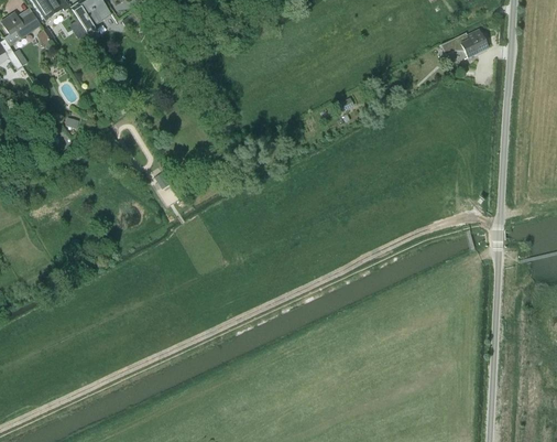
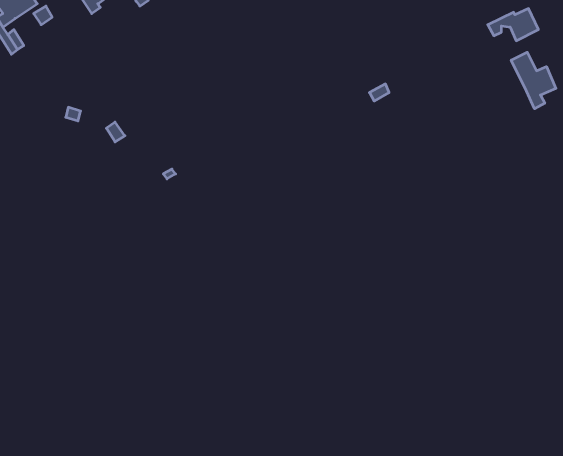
building: none -> [511,52,556,109]

